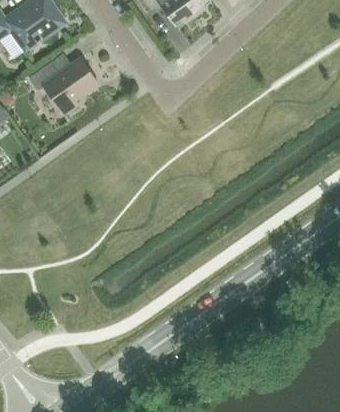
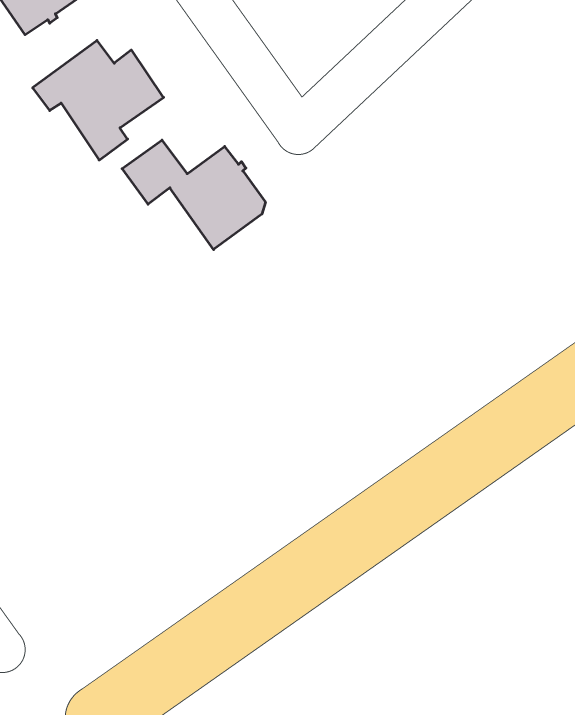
building: none -> [122,140,265,250]

